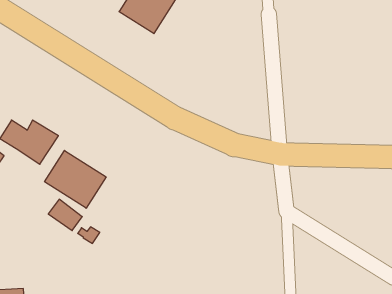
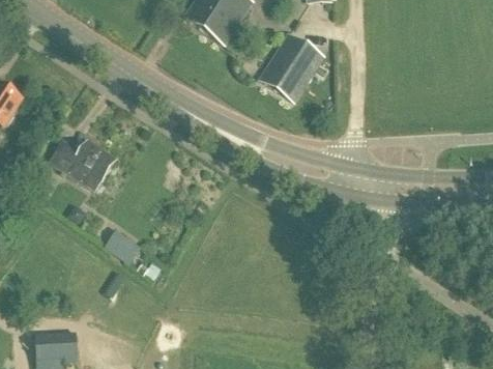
building: none -> [260,34,323,101]
building: [45,150,106,208] -> none

